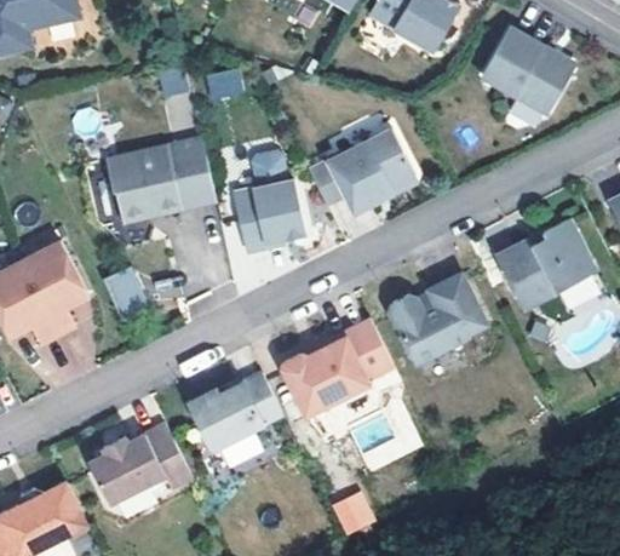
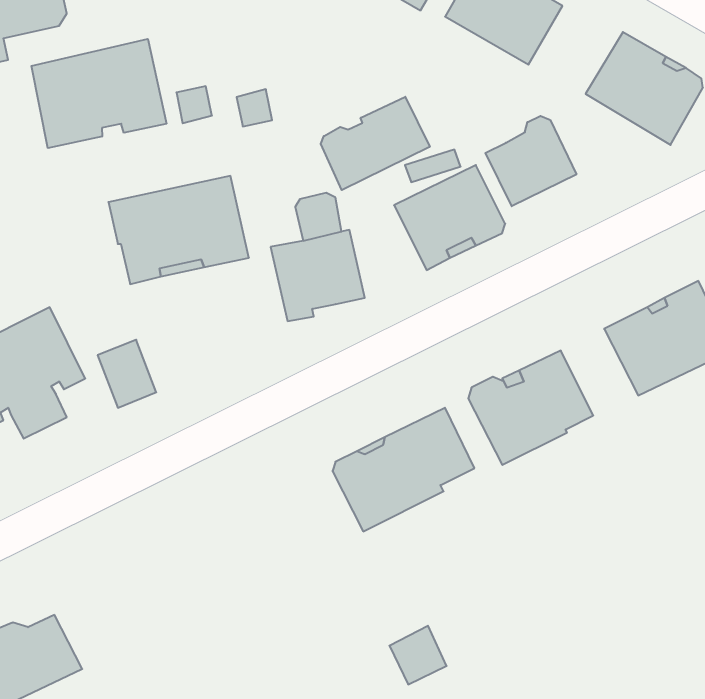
building: none -> [31,39,166,148]
building: none -> [321,97,430,190]
building: none -> [485,116,576,206]
building: [188,374,282,449] -> none
building: [88,426,191,504] -> none

